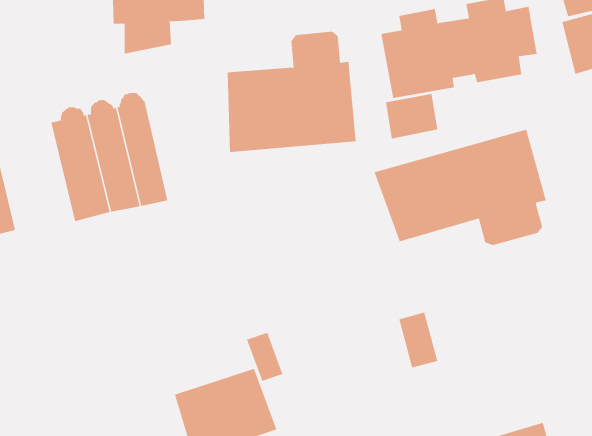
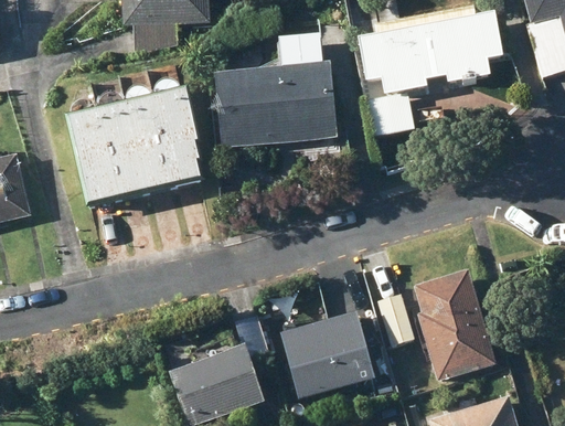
building: none -> [143,82,192,190]
building: [374,129,547,246] -> none
building: none -> [414,269,497,380]
building: none -> [280,311,375,398]

